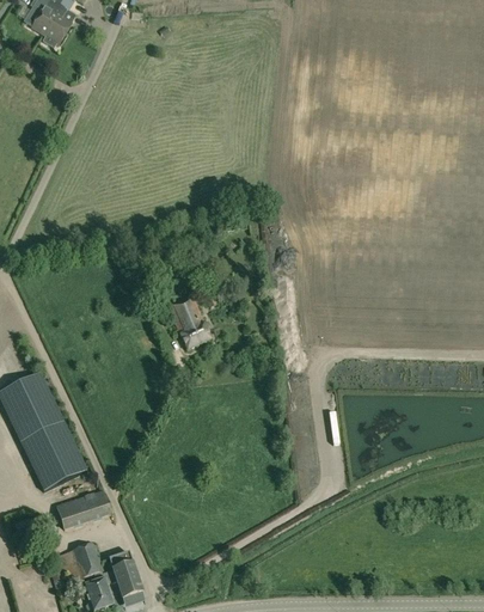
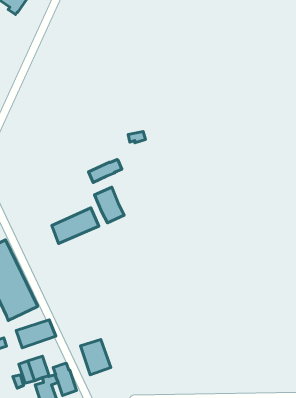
building: none -> [88,160,122,182]
building: none -> [52,208,99,244]
building: none -> [80,340,111,375]

